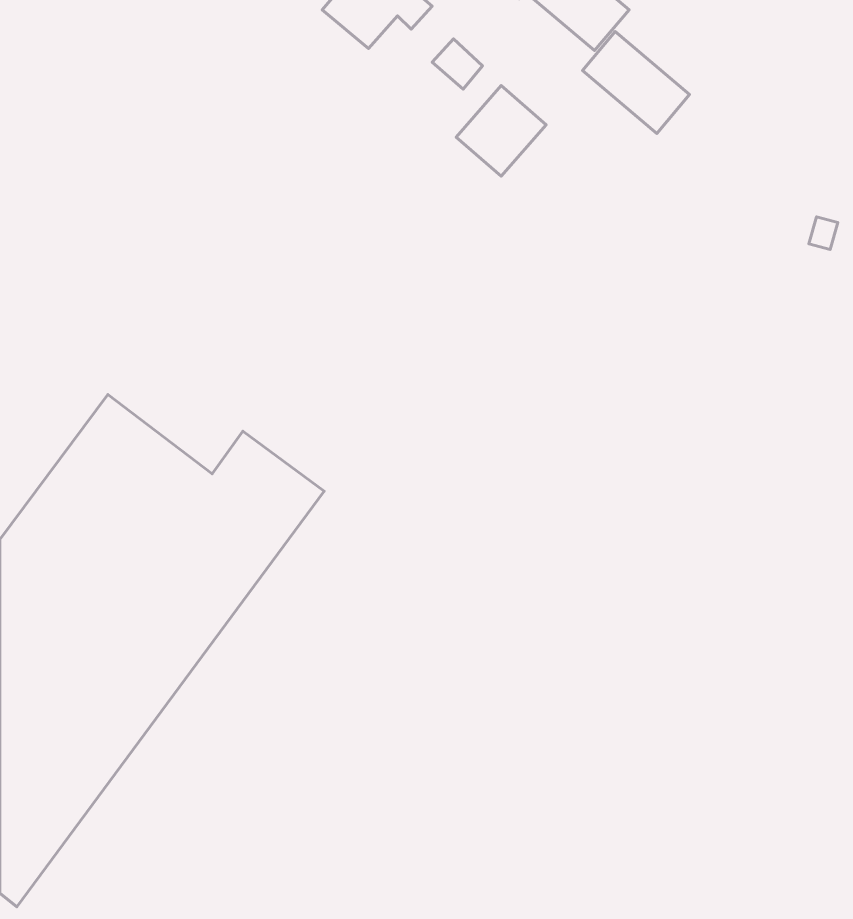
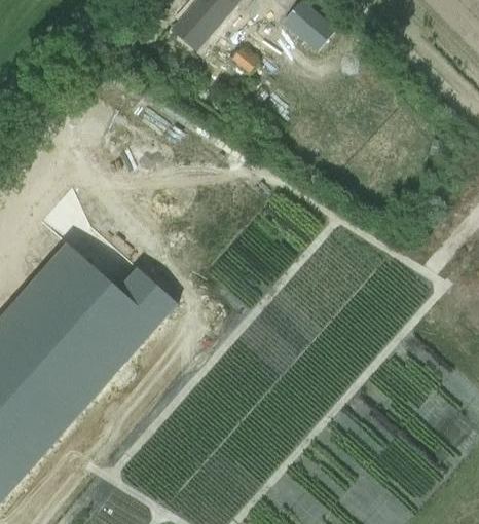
building: [583,32,689,133] -> none
building: [456,86,546,176] -> none

